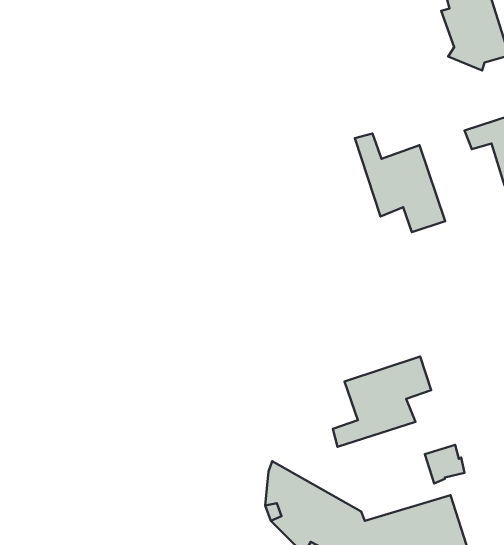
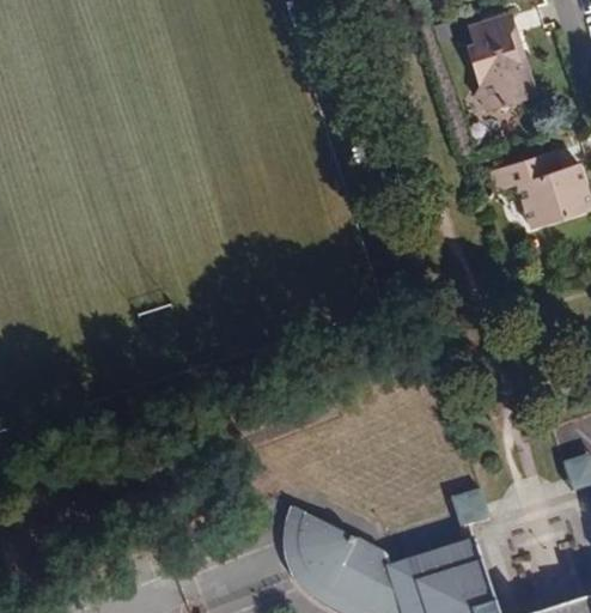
building: [355,134,445,232] -> none
building: [333,356,431,447] -> none

